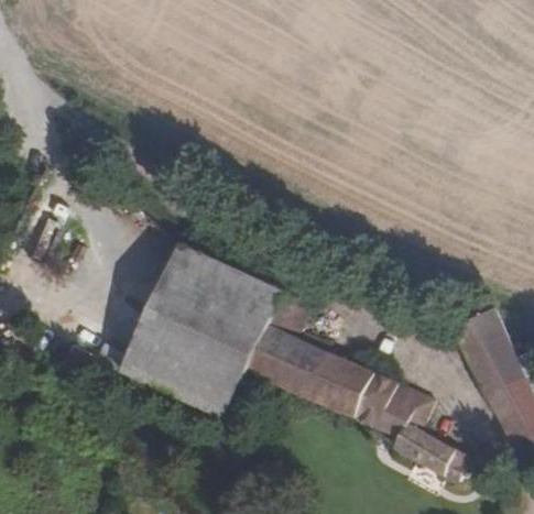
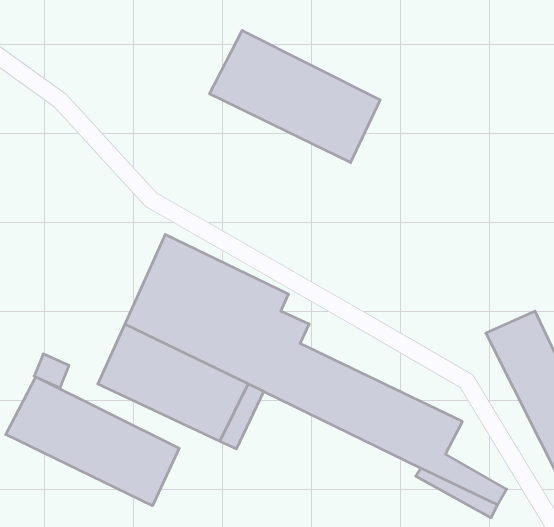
building: none -> [210,30,380,163]
building: none -> [6,377,179,506]

